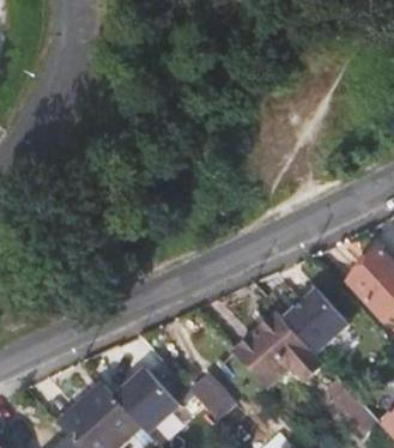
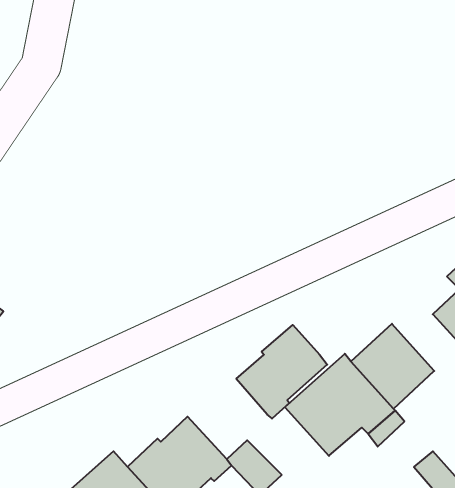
building: none -> [236,325,327,419]

